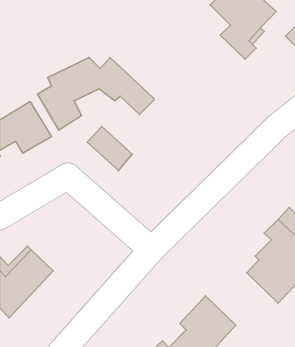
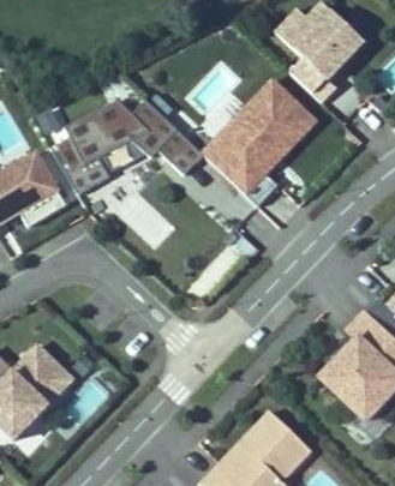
building: none -> [203,79,316,206]

